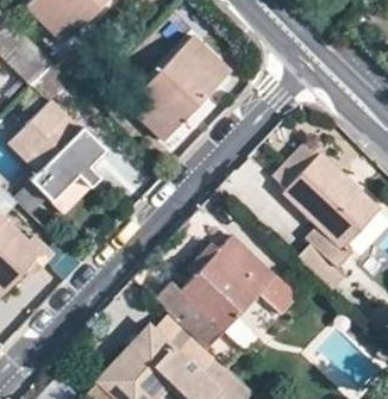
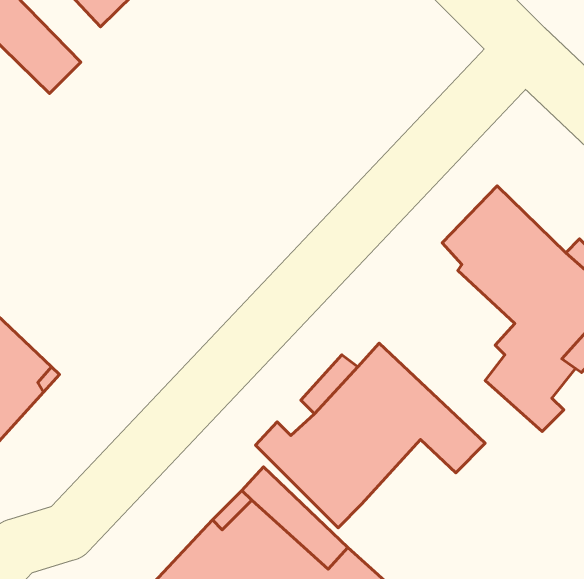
building: [127,36,231,139] -> none
building: [10,101,105,200] -> none

